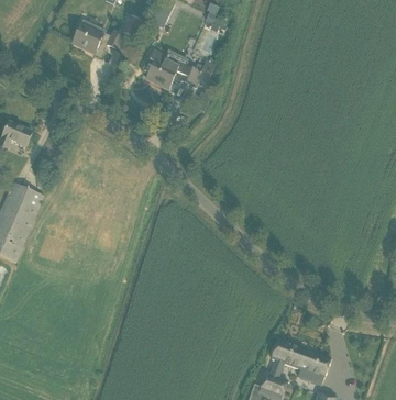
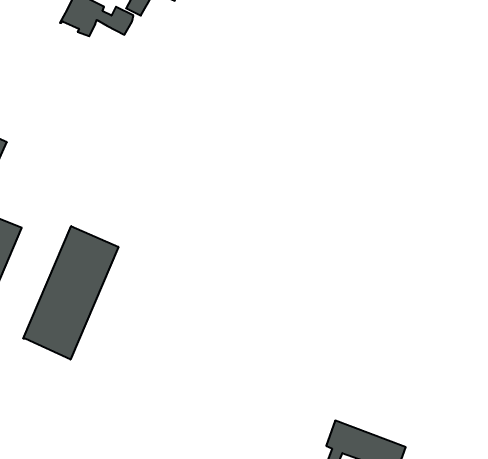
building: [145,51,215,89] -> none
building: none -> [23,226,118,360]

